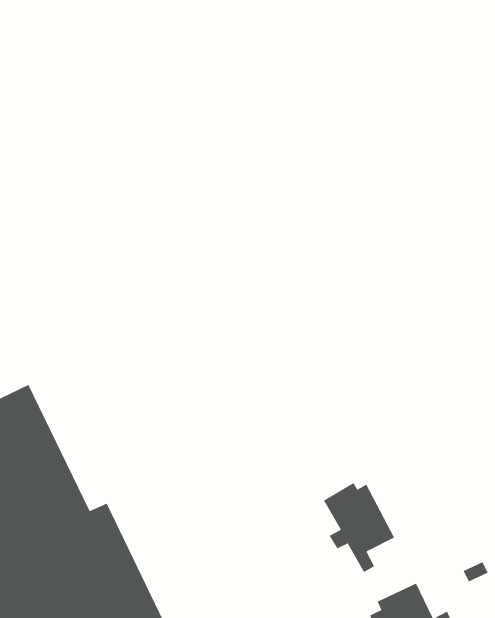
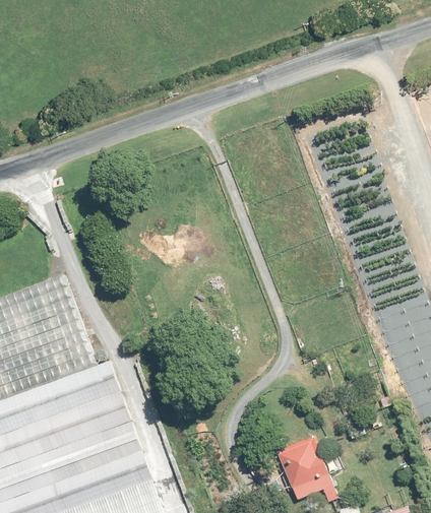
building: [323,482,395,573] -> none

